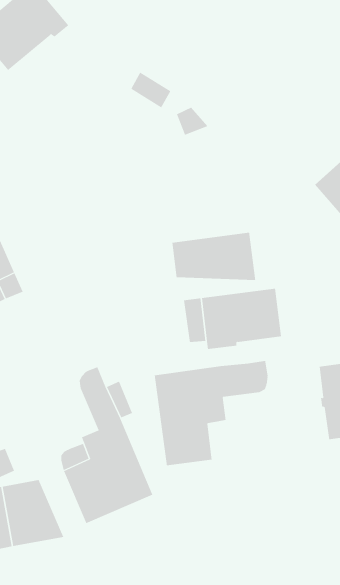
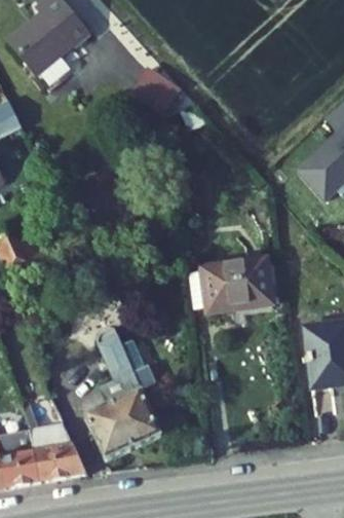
building: [172,232,256,281] -> none
building: [154,360,268,466] -> none

